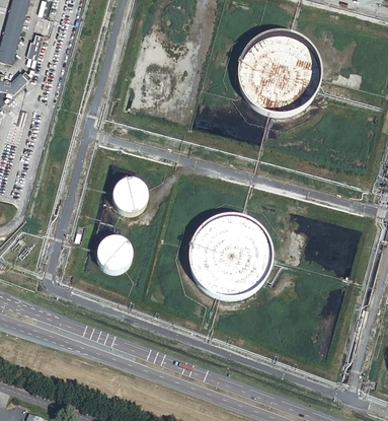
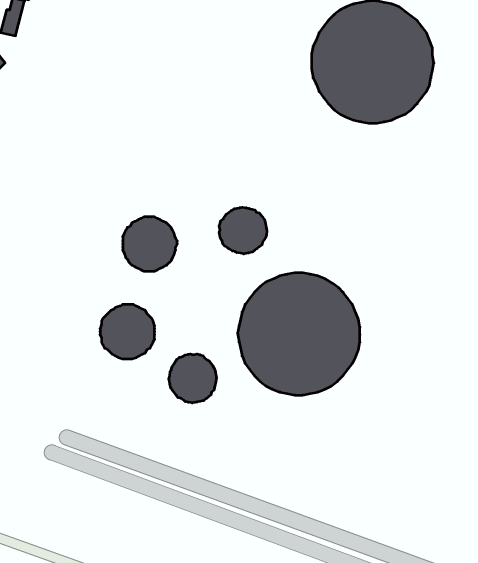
building: none -> [219,207,267,254]
building: none -> [169,354,216,403]

